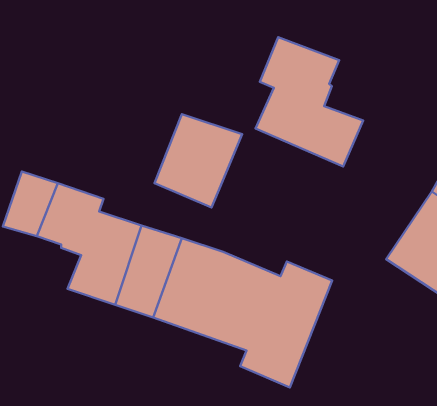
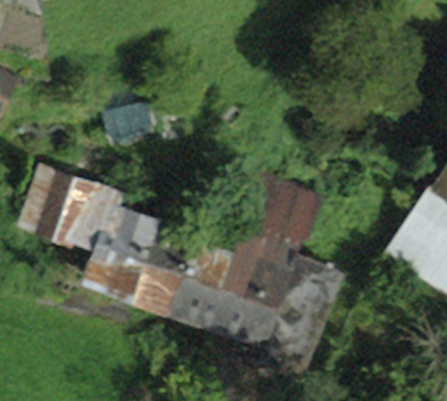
building: [256,37,363,166] -> none
building: [154,114,242,207] -> [235,183,319,272]

